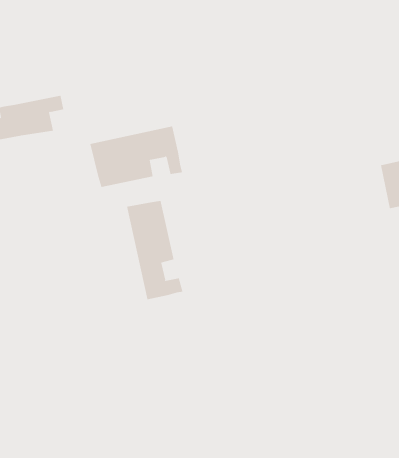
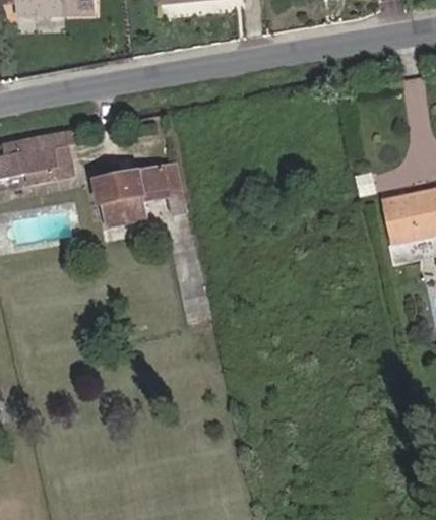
building: none -> [23,146,72,185]
building: [126,200,183,300] -> none

